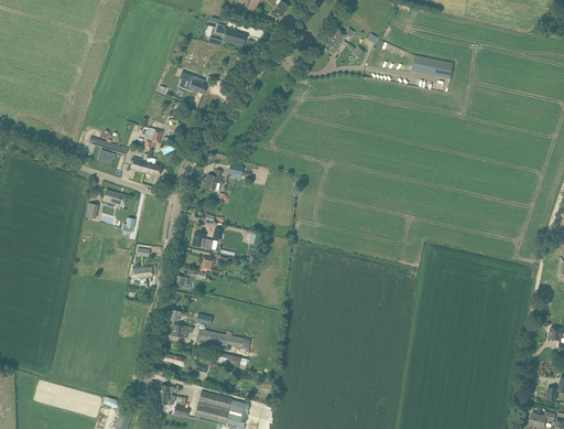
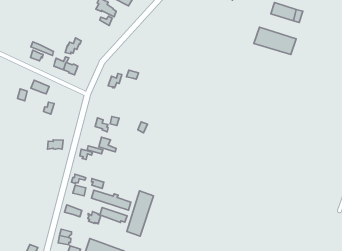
building: none -> [254,27,296,54]
building: none -> [127,191,154,236]

